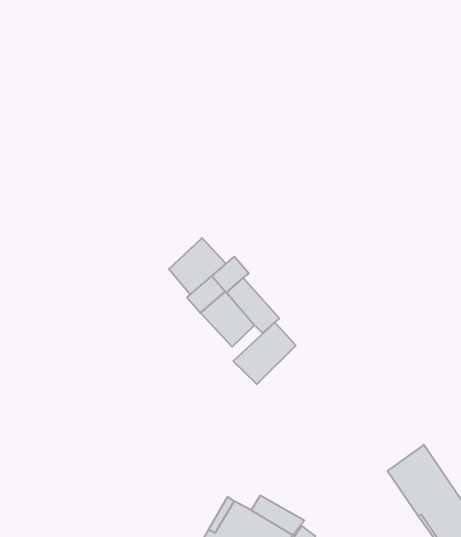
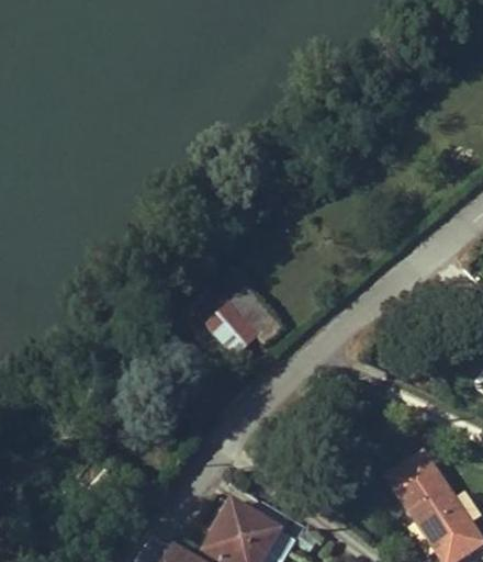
building: [169,238,226,294] -> none
building: [233,323,296,384] -> none

